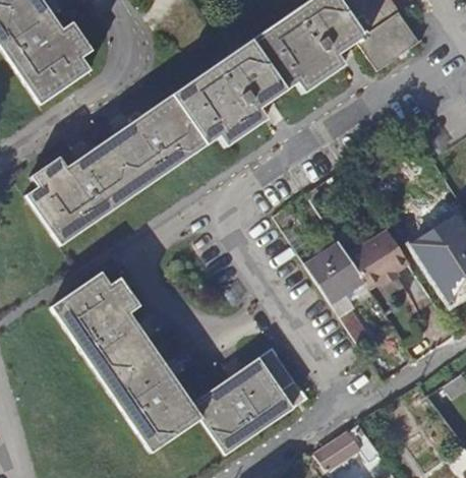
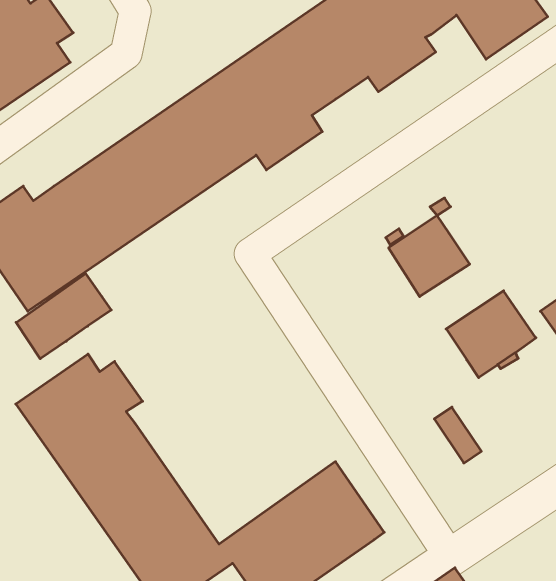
building: none -> [16,274,111,359]
building: [307,244,363,300] -> [389,216,470,297]

